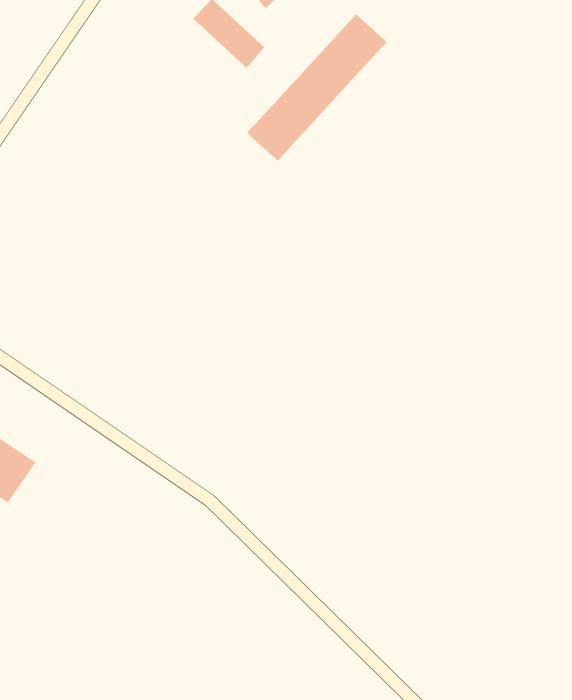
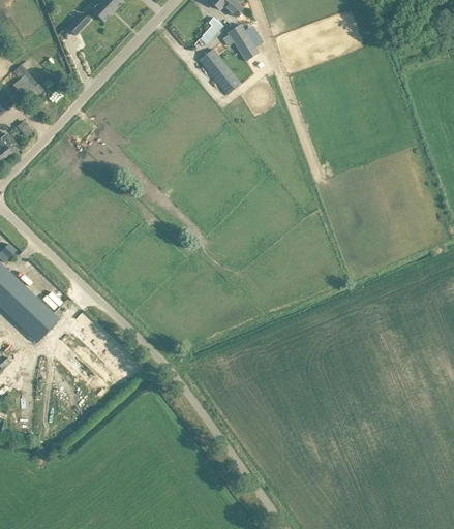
building: [246,13,388,162] -> none

